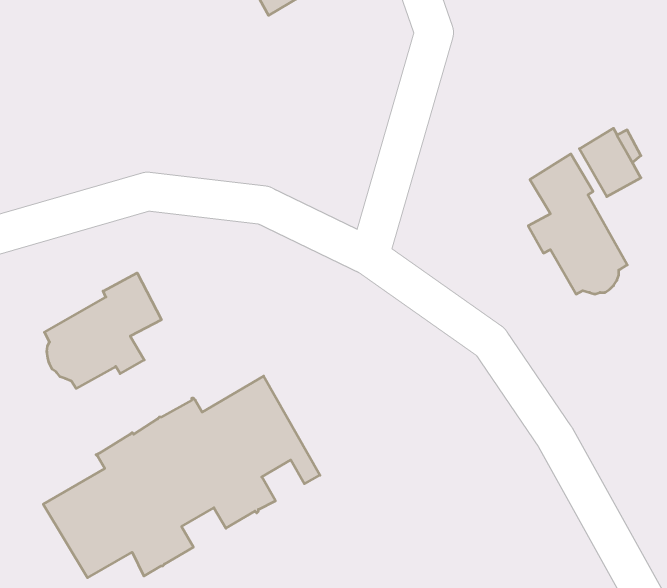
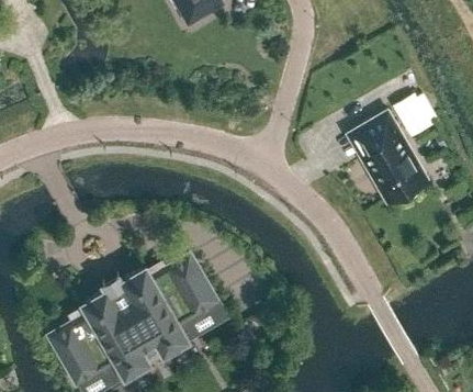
building: [44,273,161,388] -> none

